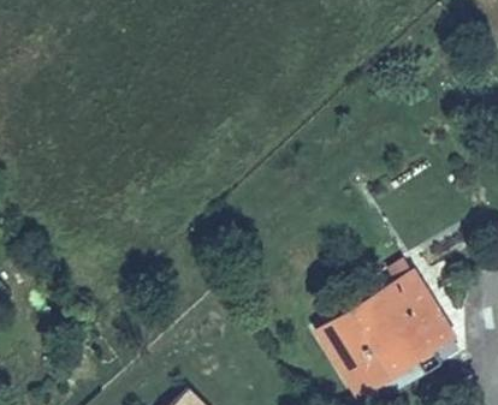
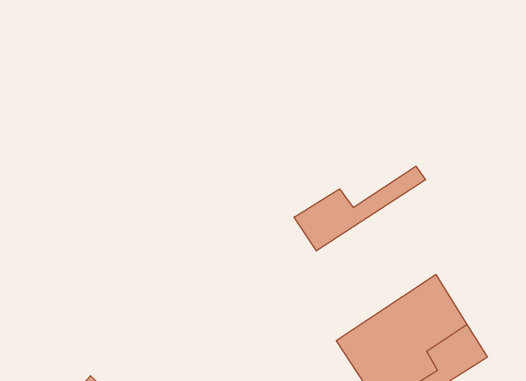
building: none -> [294,166,425,251]

